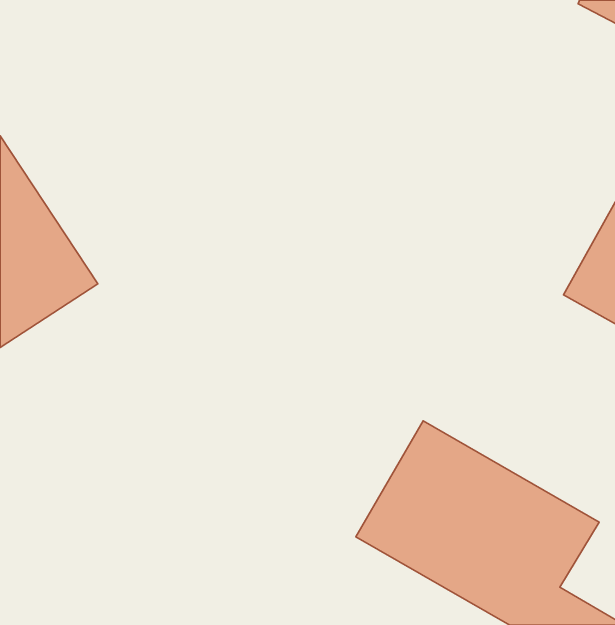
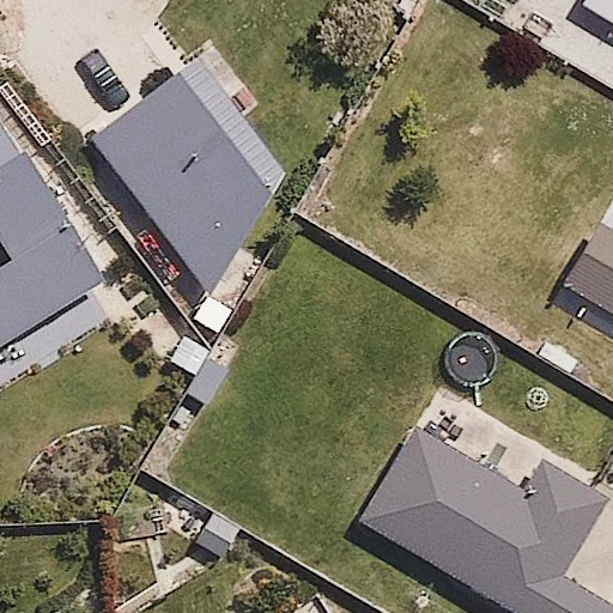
building: none -> [90,53,287,295]

